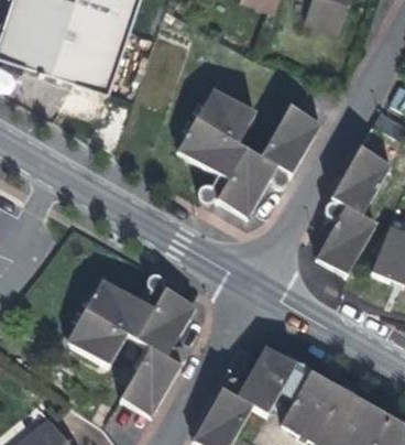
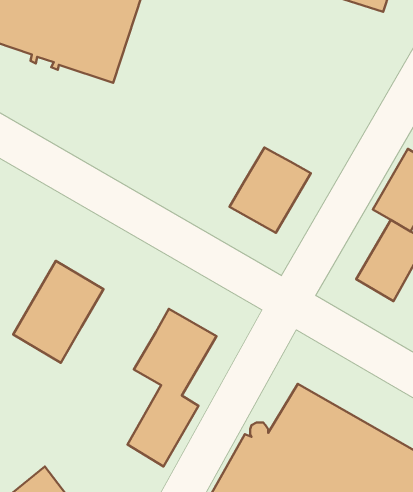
building: [178,87,263,174] -> none
building: [260,105,321,174] -> none
building: [68,278,145,365] -> [13,261,104,363]

